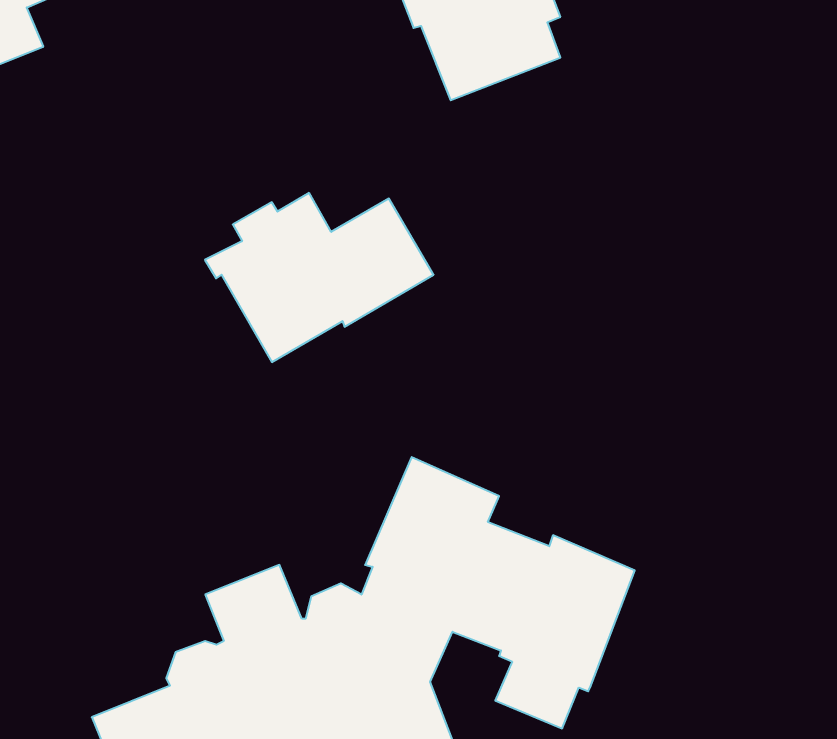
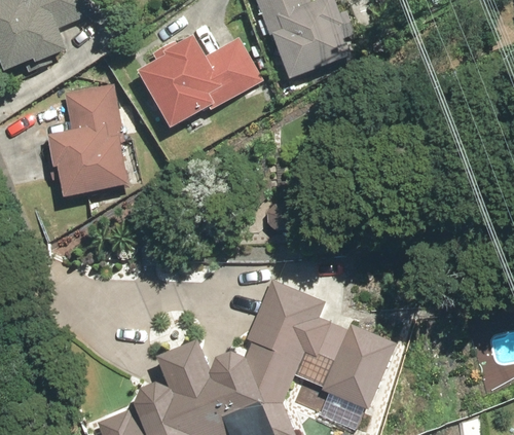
building: none -> [47,83,131,198]
building: [205,193,434,362] -> [135,35,261,129]

